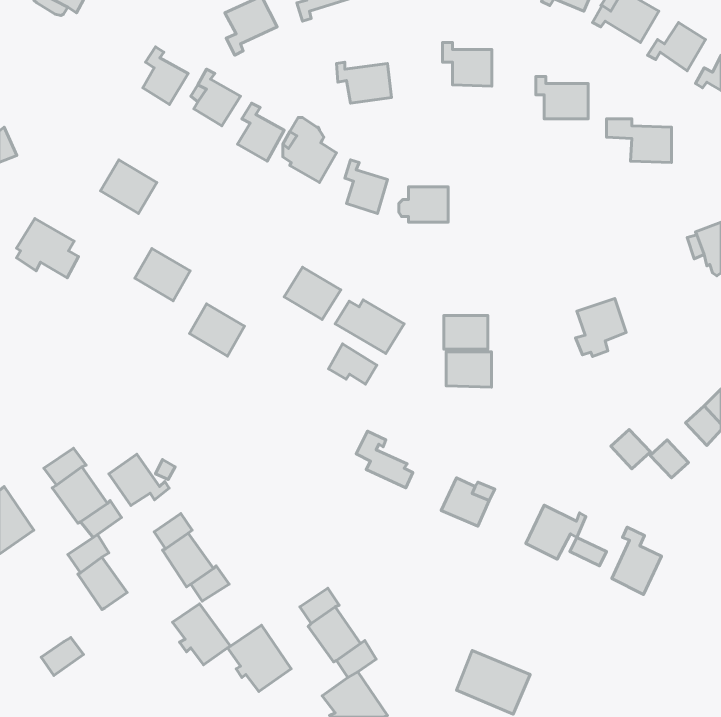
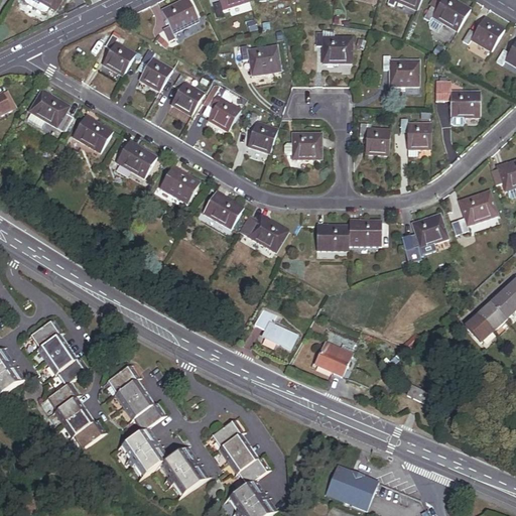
building: none -> [400,118,430,155]
building: none -> [359,121,390,153]
building: [16,218,79,278] -> [27,89,72,131]
building: [135,248,190,301] -> [116,140,155,177]
building: none -> [450,189,497,234]
building: [189,304,245,356] -> [159,165,199,203]
building: [329,344,377,384] -> none
building: [446,352,491,387] -> [348,220,380,245]
building: [611,429,650,469] -> [476,301,504,330]
building: [109,454,169,505] -> none
building: [526,505,586,559] -> none
building: [612,527,662,594] -> none
building: [41,637,83,676] -> [75,419,105,446]

